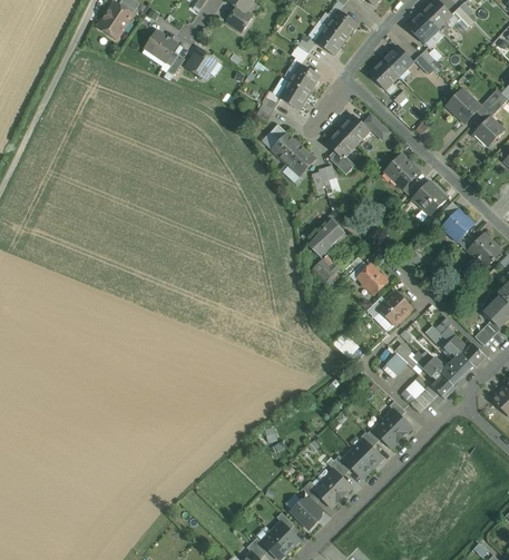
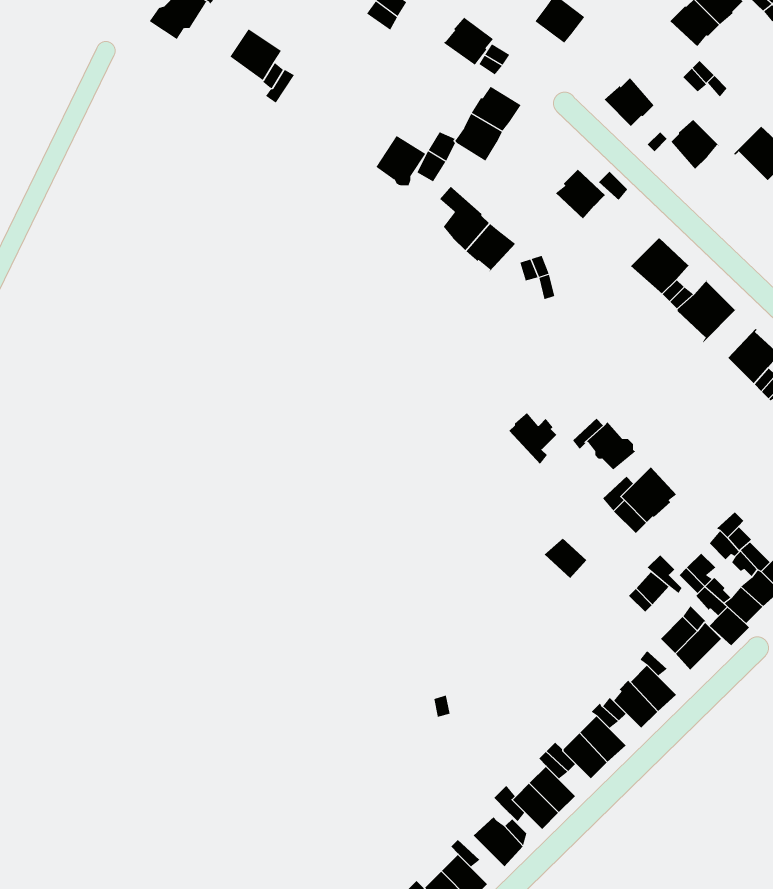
building: [315,26,345,55] -> [443,17,494,65]
building: [384,46,413,76] -> [671,119,719,170]
building: [187,48,217,78] -> [376,135,426,186]
building: [326,128,356,174] -> none
building: [309,213,348,256] -> none

